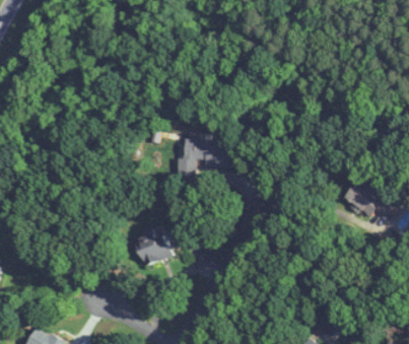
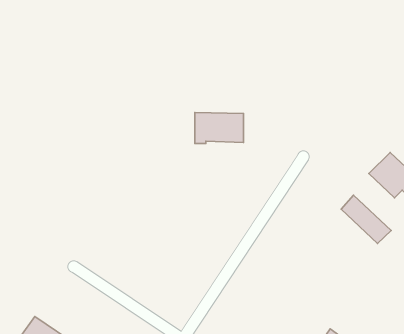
building: none -> [341,195,391,244]
building: [134,229,172,265] -> none

